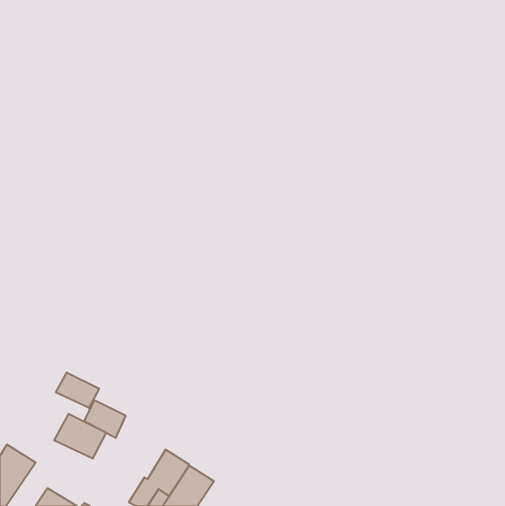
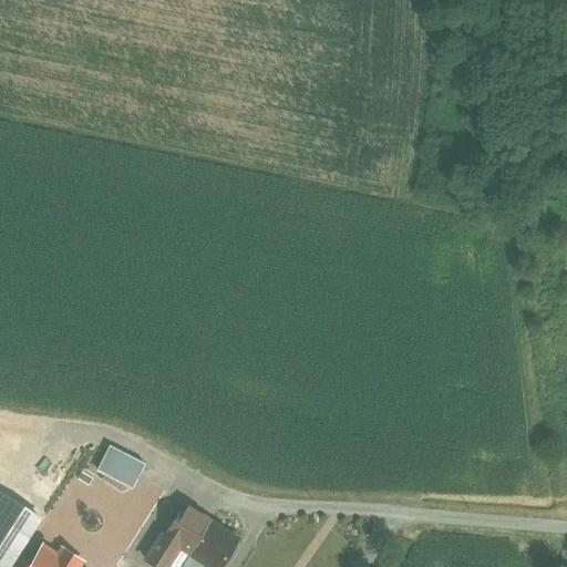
building: [56,372,99,408] -> none
building: [54,414,106,459] -> none

